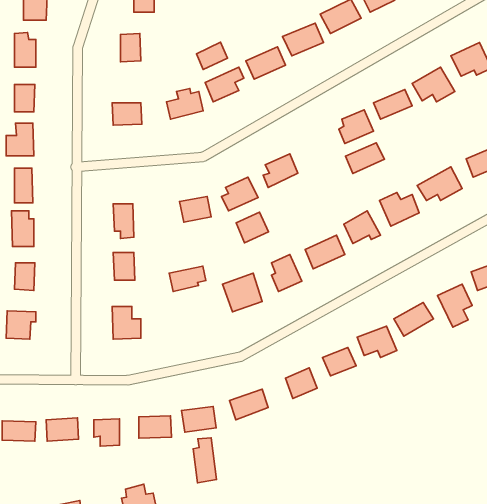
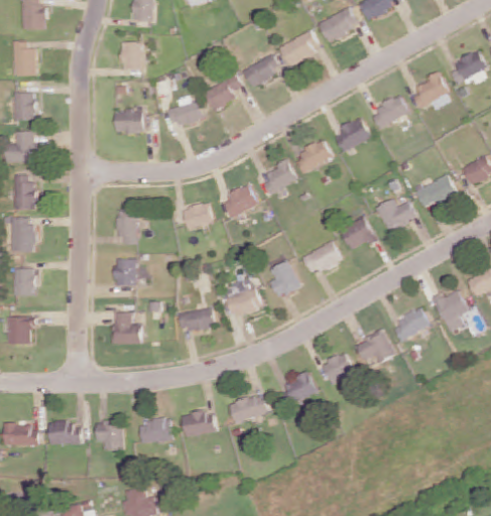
building: [197,42,228,69] -> none
building: [346,143,384,173] -> [295,142,334,172]
building: [236,212,269,243] -> none
building: [169,266,206,292] -> [178,307,215,333]
building: [193,438,217,483] -> none

